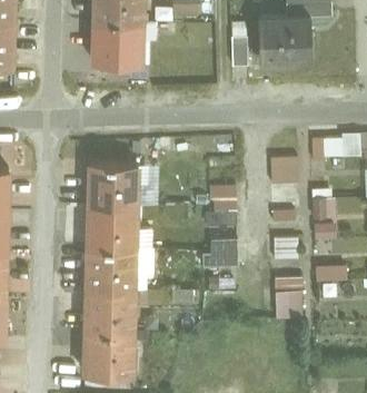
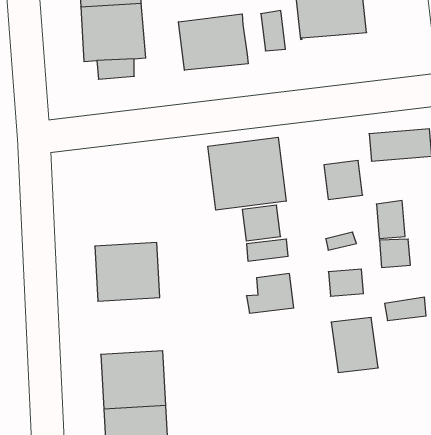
building: none -> [179,14,248,70]
building: none -> [208,137,286,210]
building: [90,161,138,205] -> none
building: [88,246,137,288] -> none

